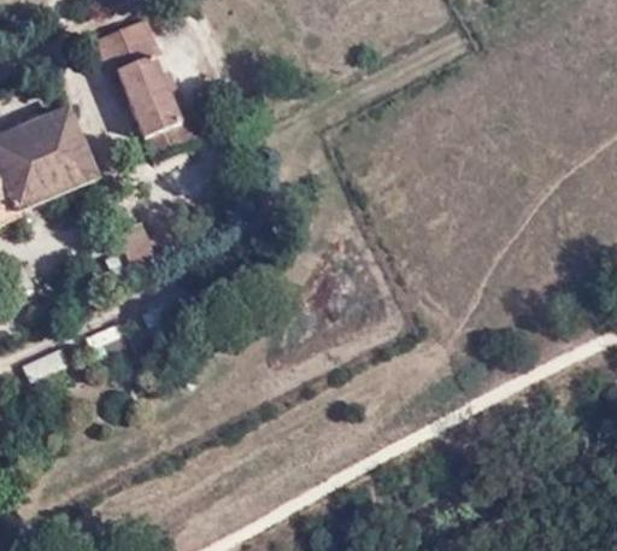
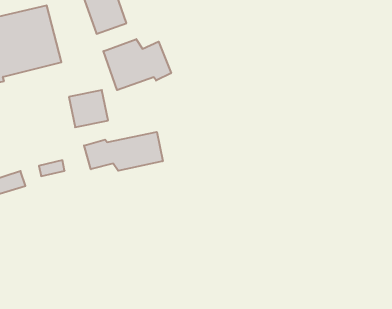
building: none -> [103,39,171,90]
building: none -> [84,132,163,171]

